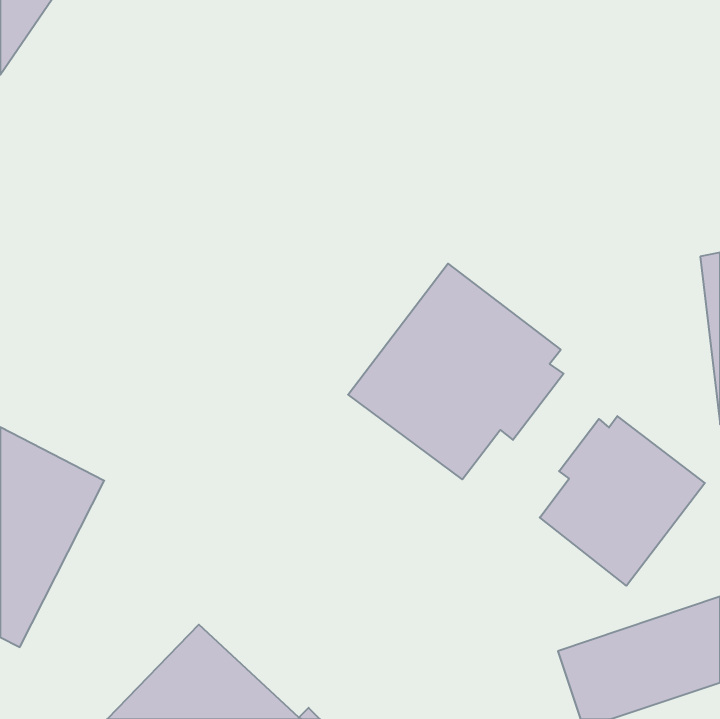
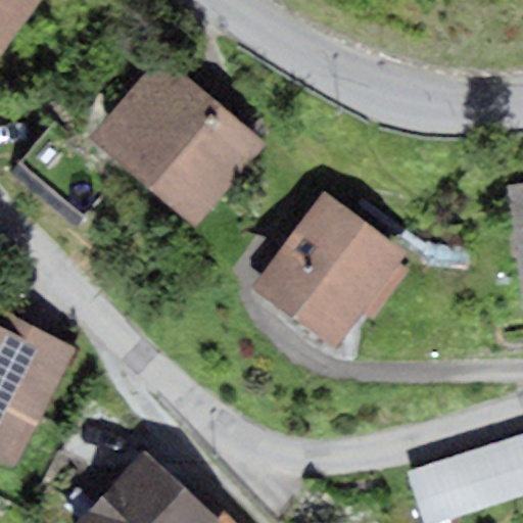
building: none -> [89,56,264,227]
building: [540,416,705,586] -> none

